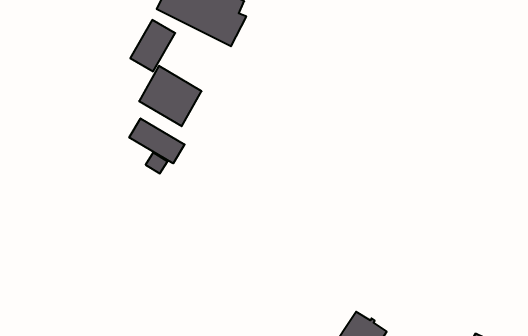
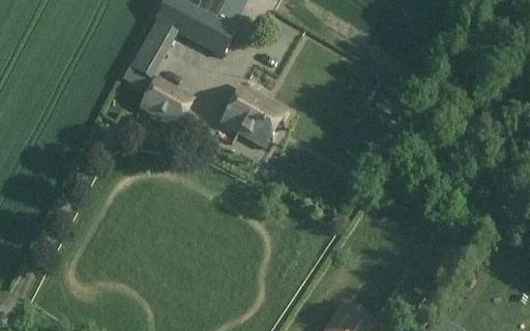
building: none -> [219,88,283,148]
building: [129,118,185,163] -> none

